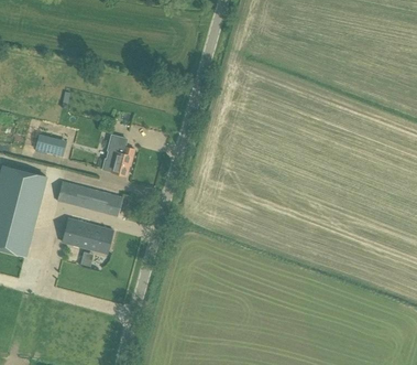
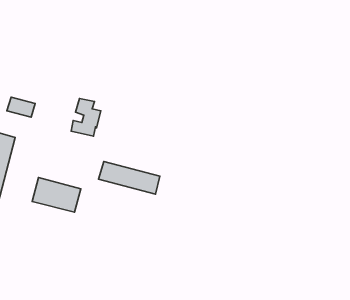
building: [57,182,121,216] -> [98,161,160,194]

